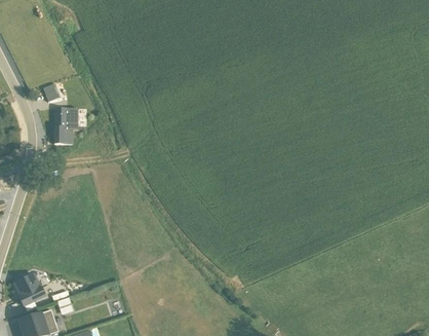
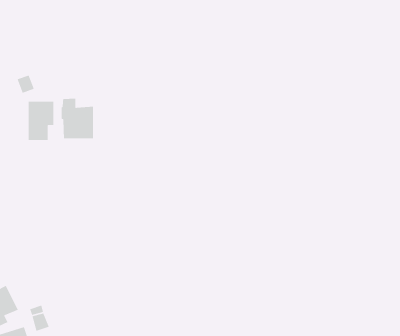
building: none -> [61,98,94,139]

